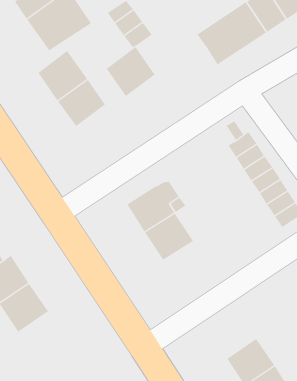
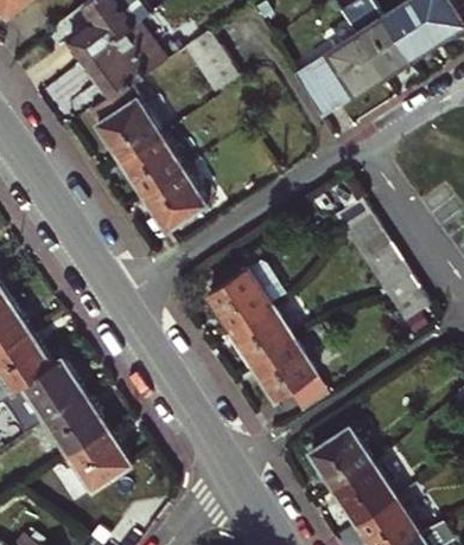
building: [106,46,156,97] -> [141,166,204,230]
building: none -> [252,339,314,400]
building: none -> [310,427,370,488]
building: none -> [68,428,129,489]

